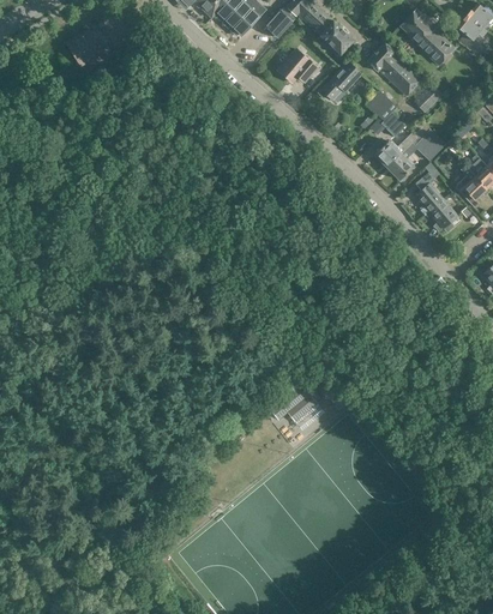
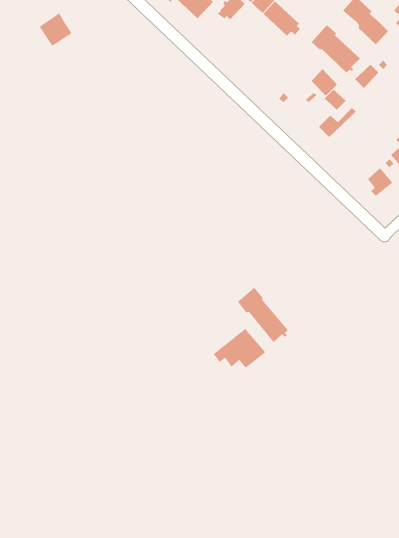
building: [279,50,318,83] -> none
building: [323,61,362,101] -> none
building: [387,130,445,180] -> none
building: [415,173,444,215] -> none
building: none -> [237,287,289,343]

